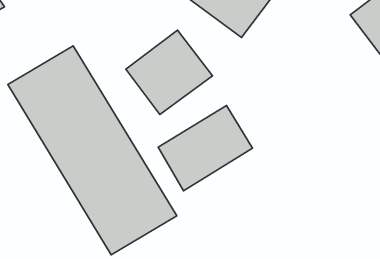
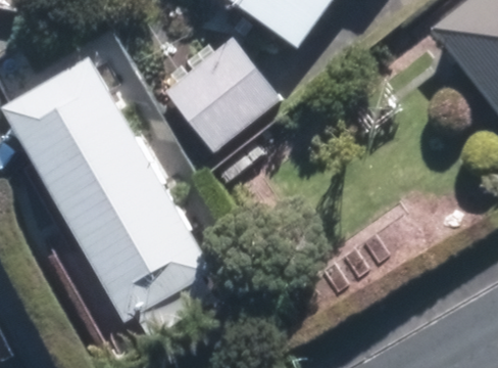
building: [158,105,253,191] -> none

